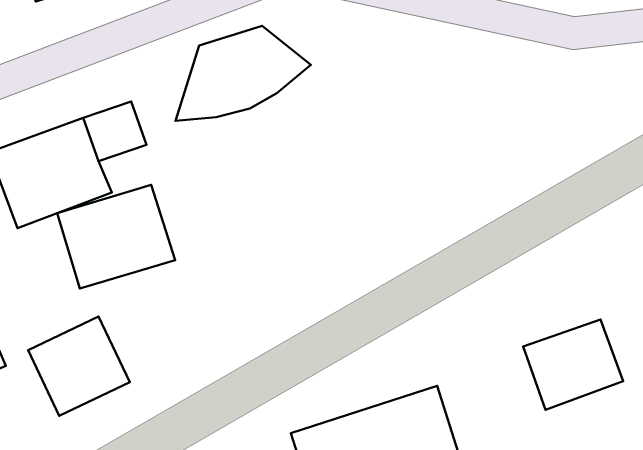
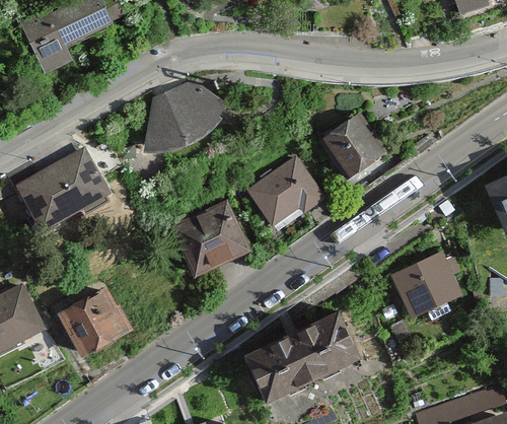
building: none -> [322,108,387,172]
building: none -> [245,155,330,228]
building: [57,185,175,288] -> [165,198,248,273]

